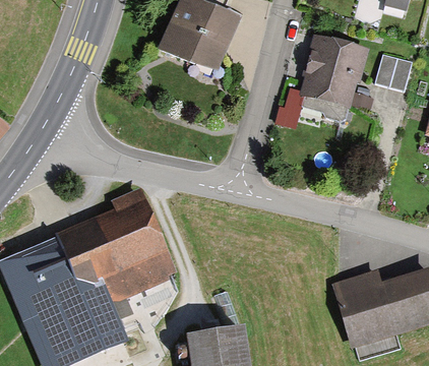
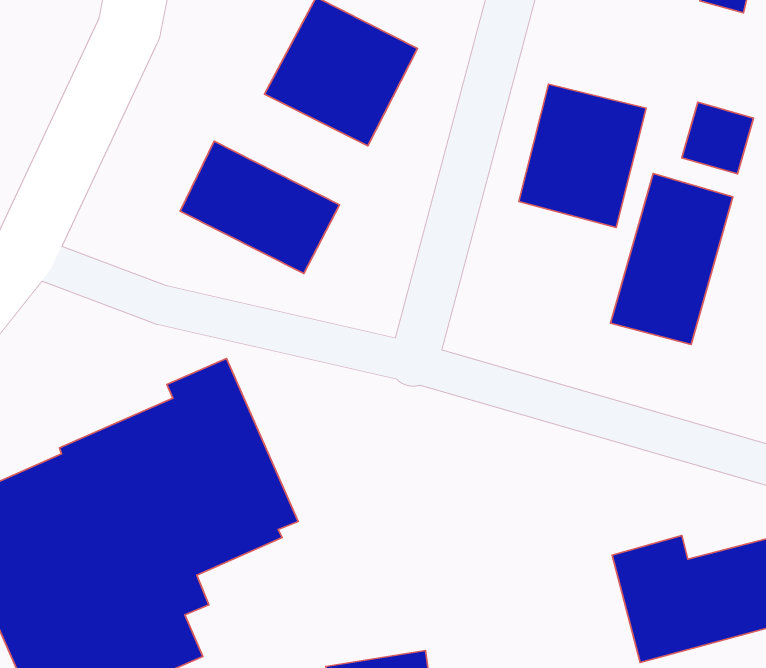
building: none -> [180,141,339,274]
building: none -> [610,173,733,344]

